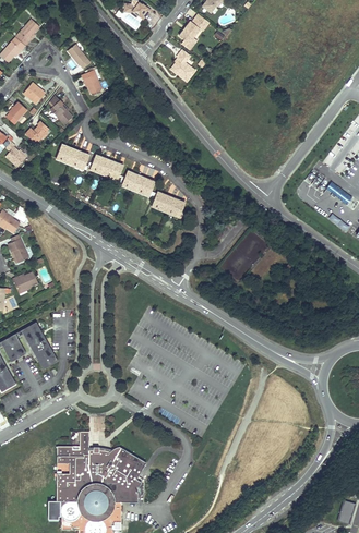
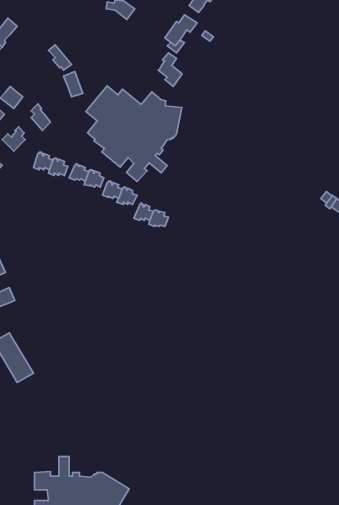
building: none -> [86,86,182,181]

